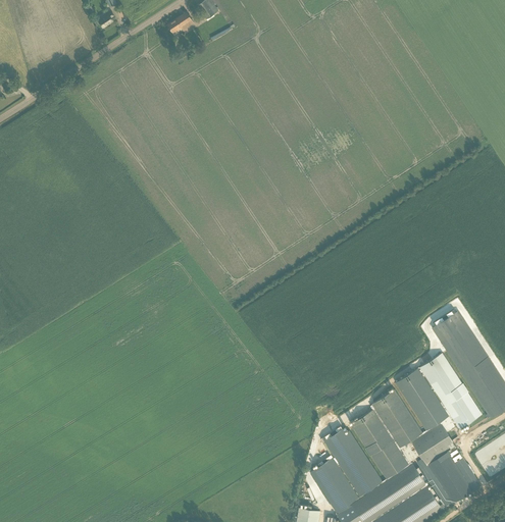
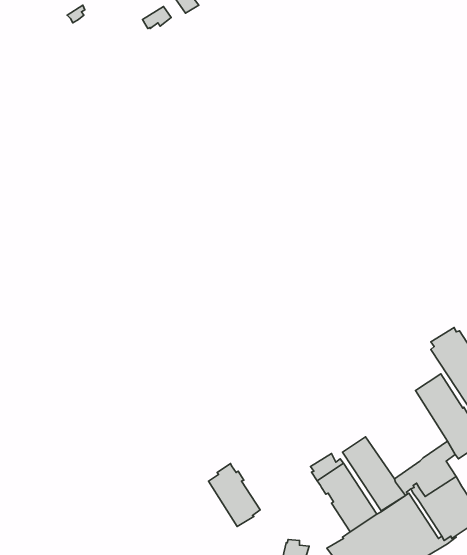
building: [394,367,447,429] -> none
building: [368,389,421,449] -> none
building: [309,455,357,513] -> [208,464,260,526]

